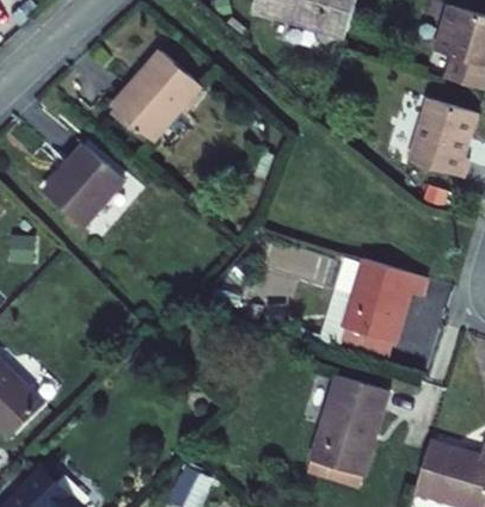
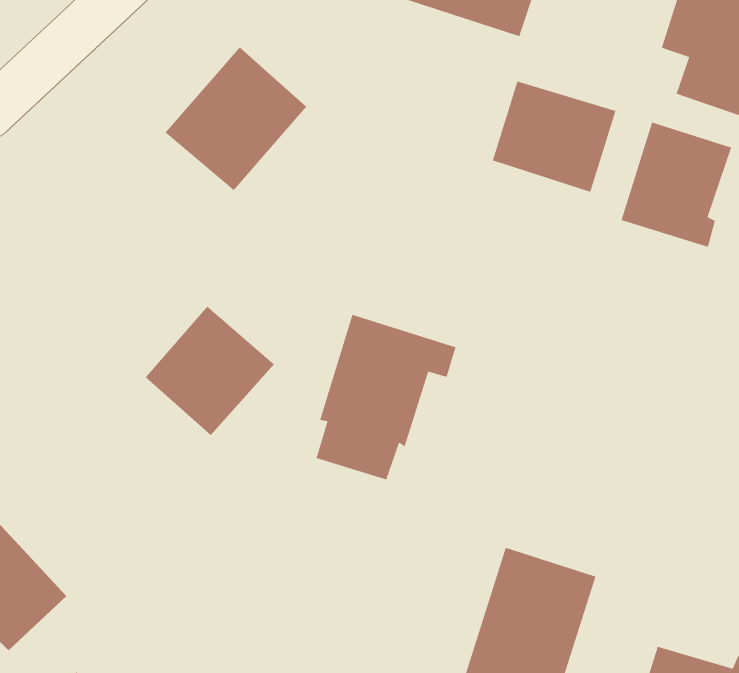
building: none -> [492,80,616,193]
building: [42,143,127,228] -> [145,306,275,436]
building: [337,256,429,365] -> [315,314,456,481]

